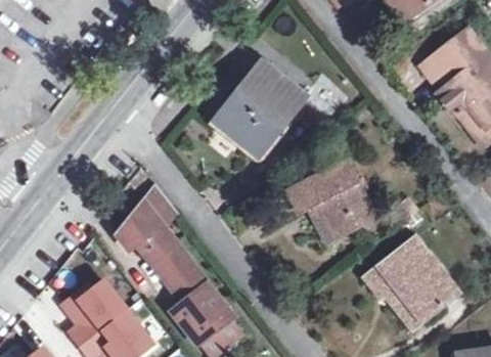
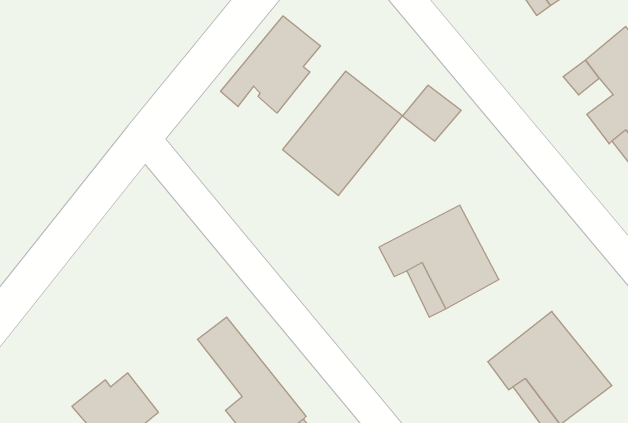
building: none -> [221,16,321,113]
building: [117,185,177,259] -> none

